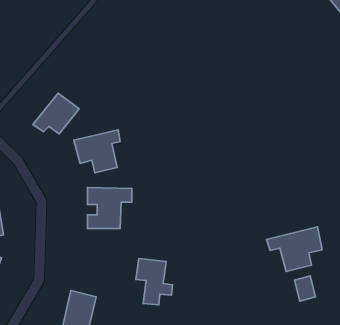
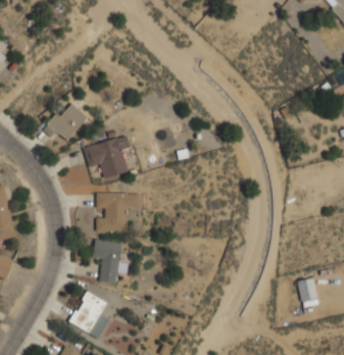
building: [267,227,322,272] -> none
building: [136,258,173,305] -> [93,239,129,284]

